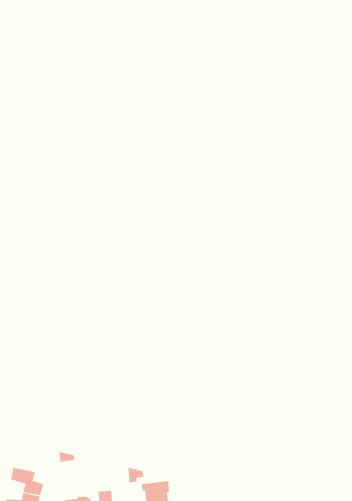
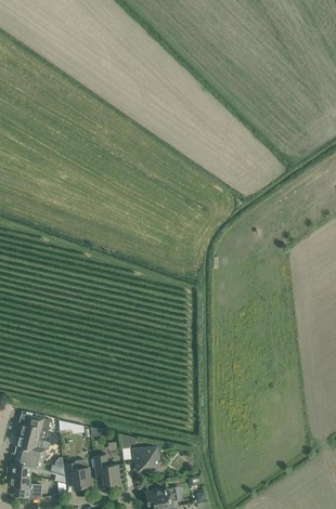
building: none -> [17,416,50,441]

